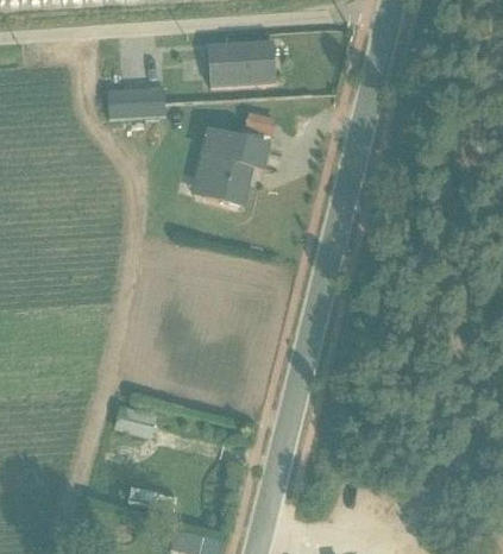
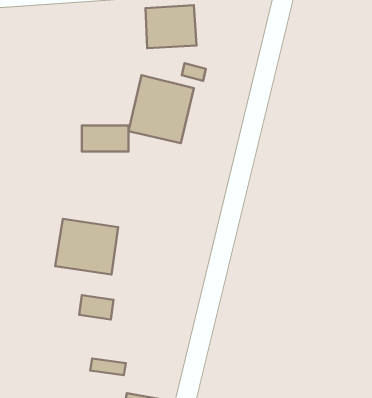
building: [107,81,166,114] -> [82,125,128,151]
building: none -> [55,219,118,275]

